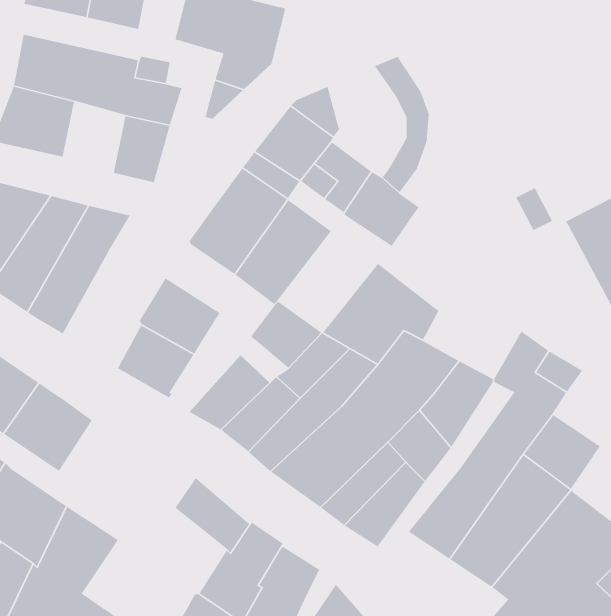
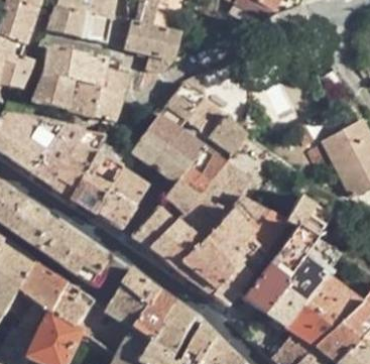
building: none -> [69,79,100,115]
building: none -> [177,144,228,196]
building: none -> [69,153,120,214]
building: none -> [67,240,118,285]
building: none -> [109,284,151,328]

